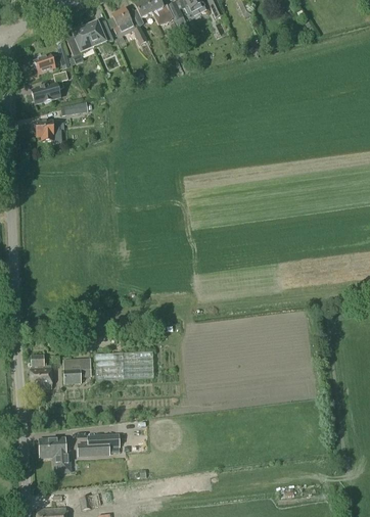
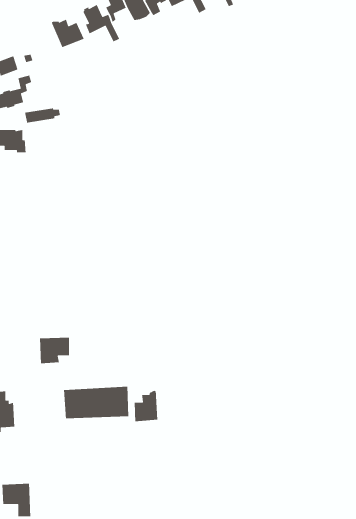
building: [67,24,94,55] -> none
building: none -> [134,390,158,422]
building: [63,358,91,382] -> [39,337,70,364]
building: [78,433,120,453] -> none

